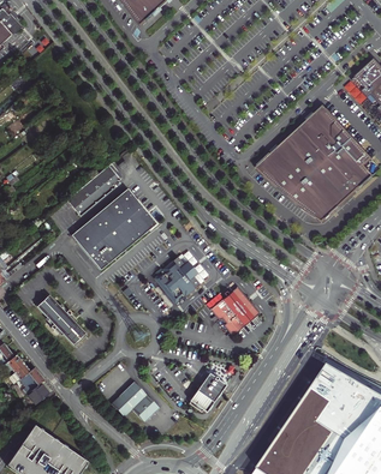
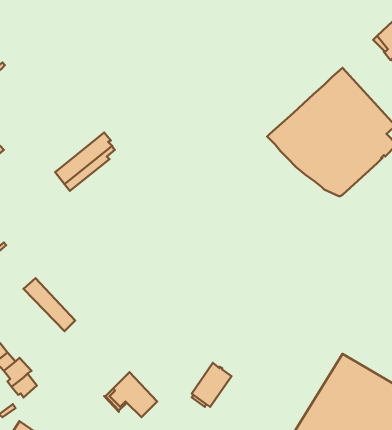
building: [70,187,155,269] -> none
building: [154,256,198,300] -> none
building: [209,284,258,334] -> none

